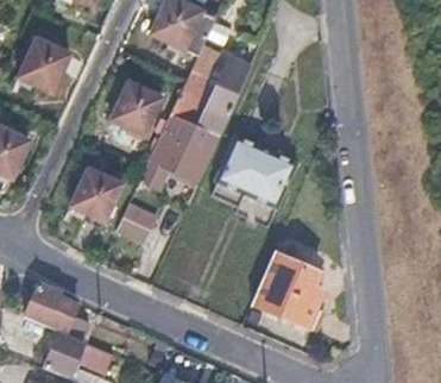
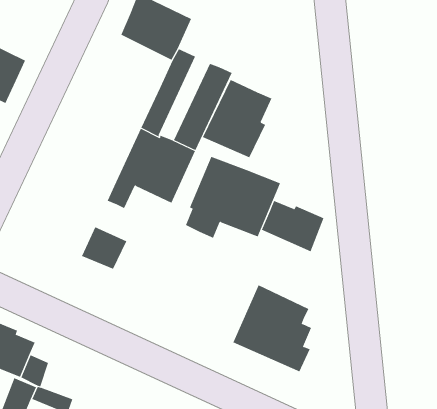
building: none -> [202,79,272,158]
building: [112,82,162,133] -> none
building: [71,168,121,221] -> none
building: none -> [261,200,324,252]

